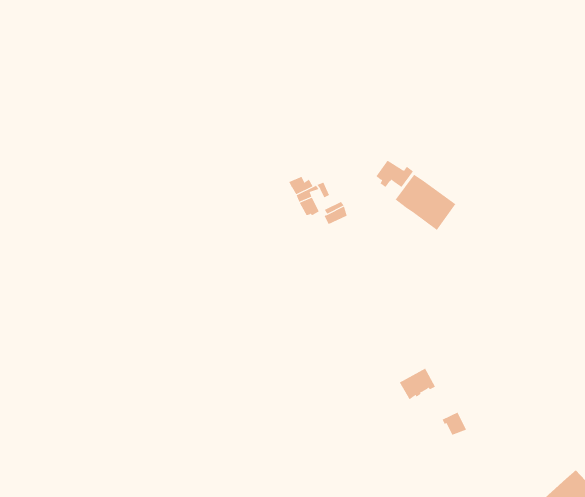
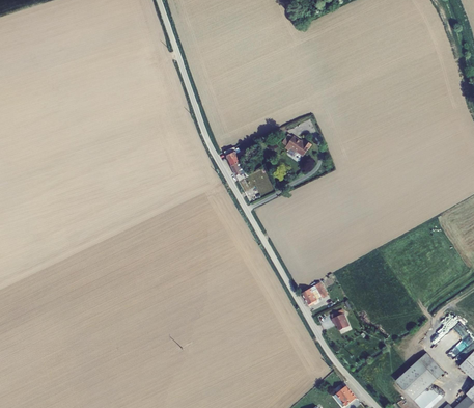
building: [395,174,456,231] -> none

